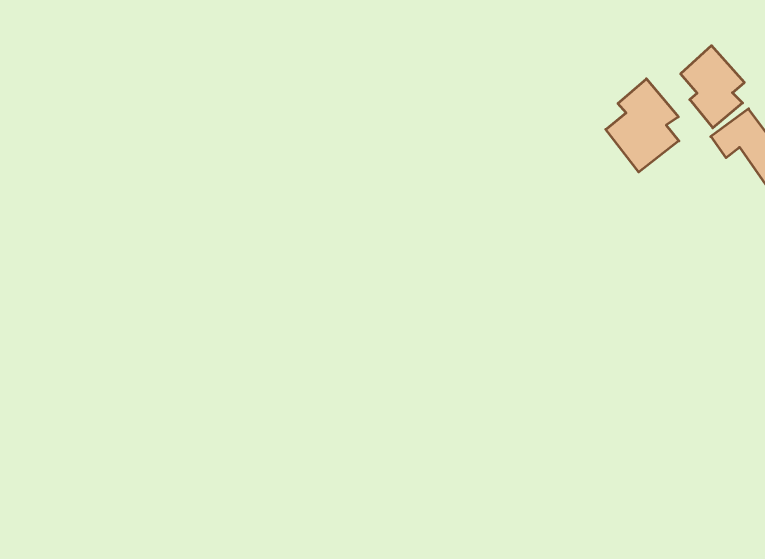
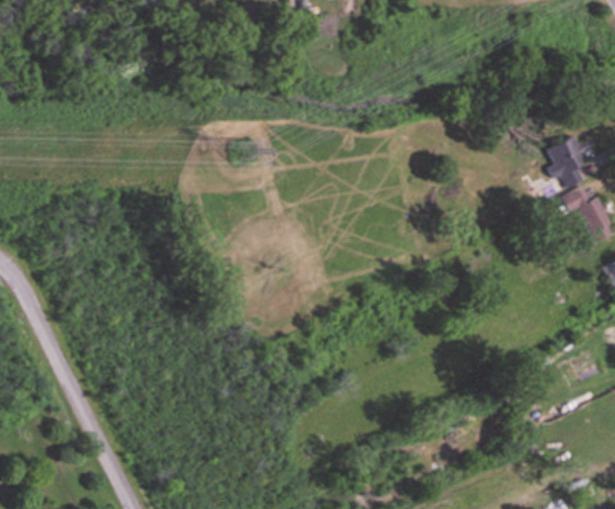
building: [606,79,679,172] -> none

